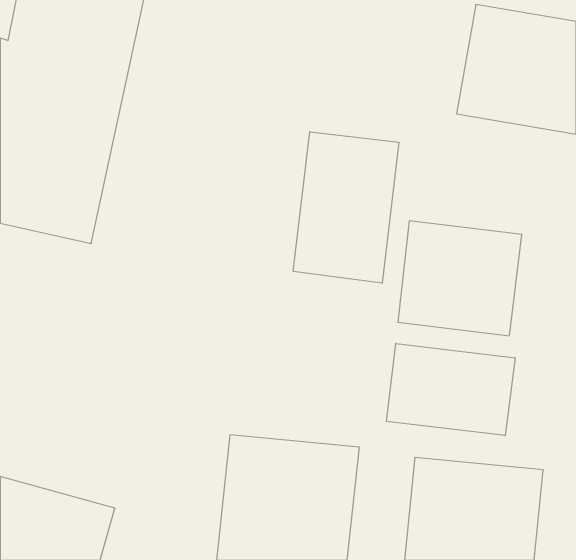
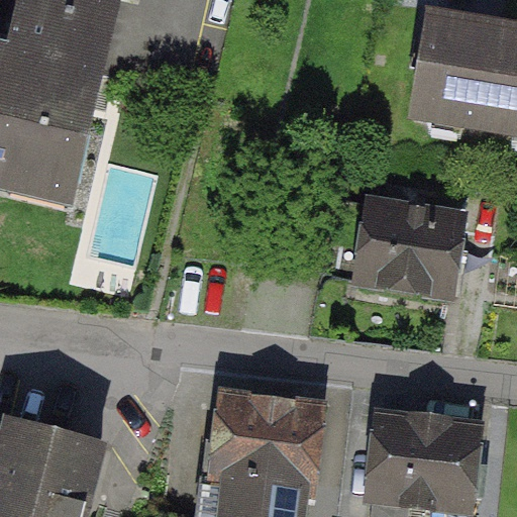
building: [293,132,399,283] -> none
building: [387,343,515,436] -> none

